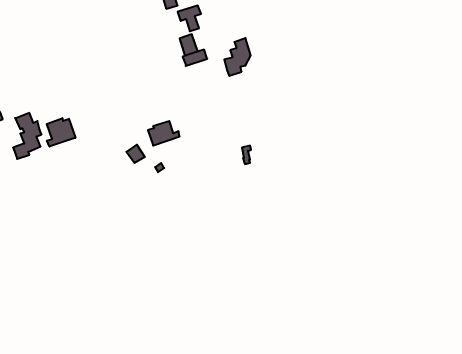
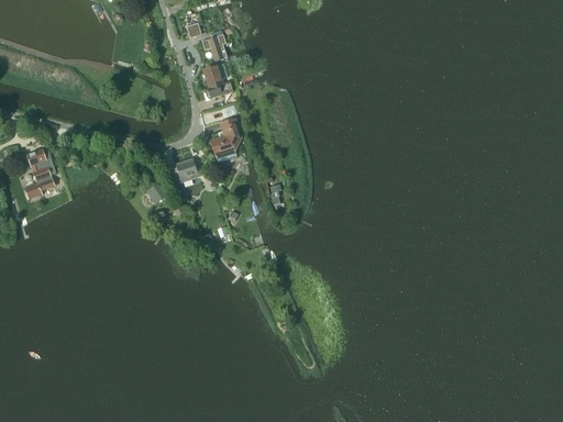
building: [224,38,251,76] -> [211,118,240,158]
building: [47,118,75,147] -> none

